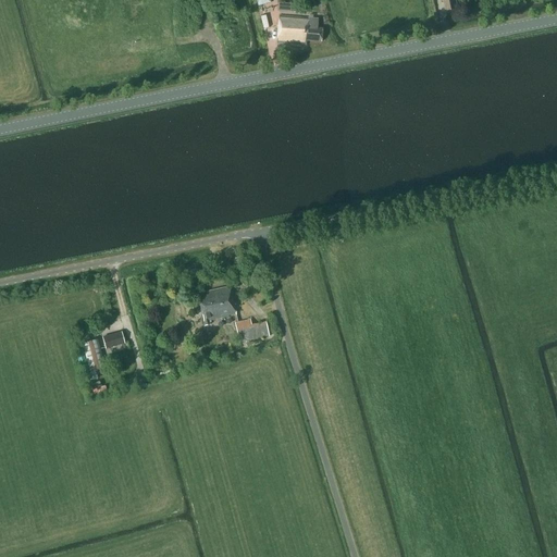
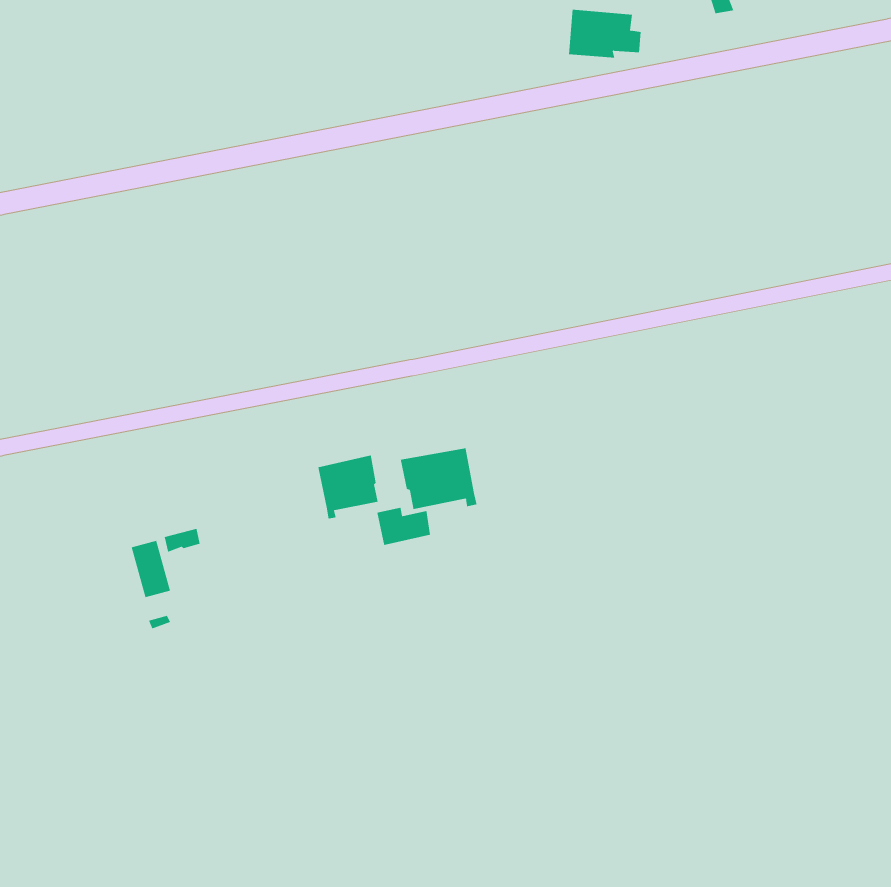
building: [277,13,323,44] -> [568,9,641,58]
building: none -> [400,448,477,510]

